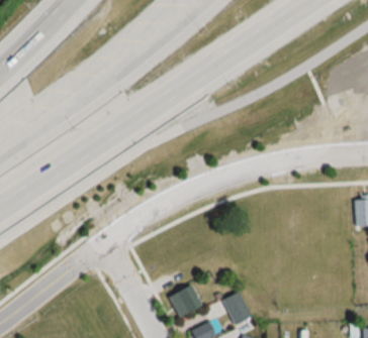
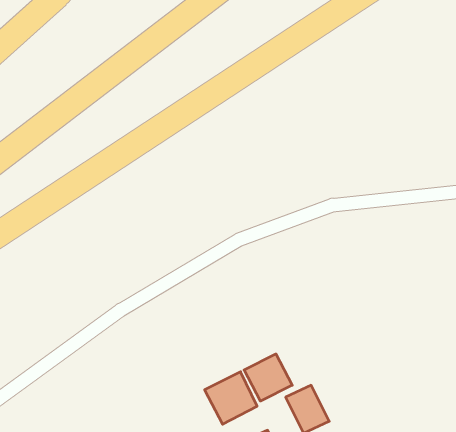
building: none -> [244,354,292,401]

